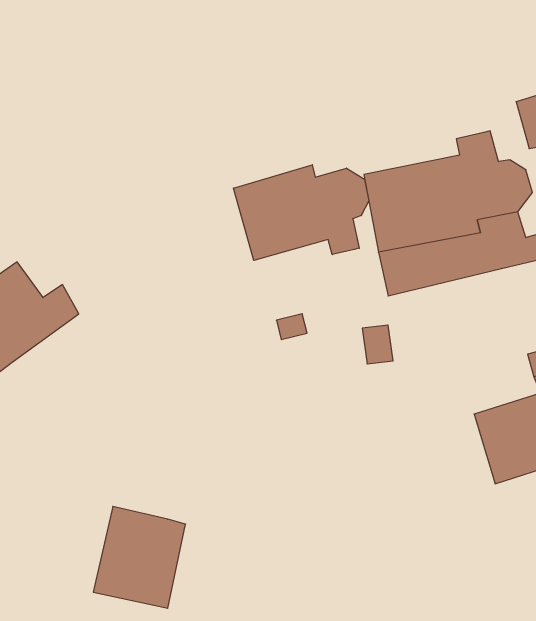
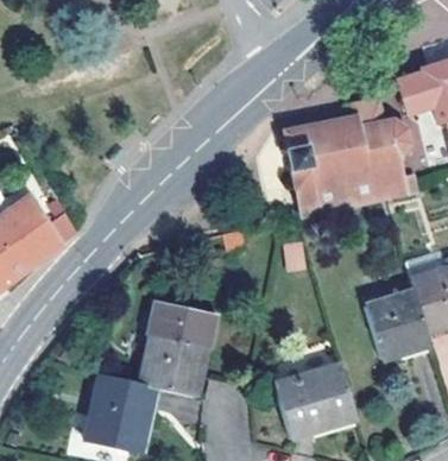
building: [233,165,369,260] -> none
building: none -> [140,301,216,396]
building: none -> [272,365,355,436]

